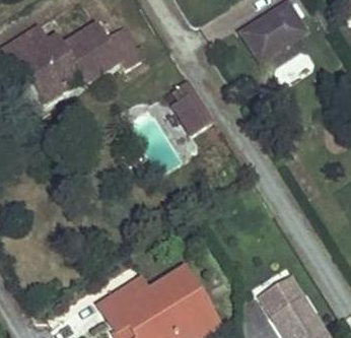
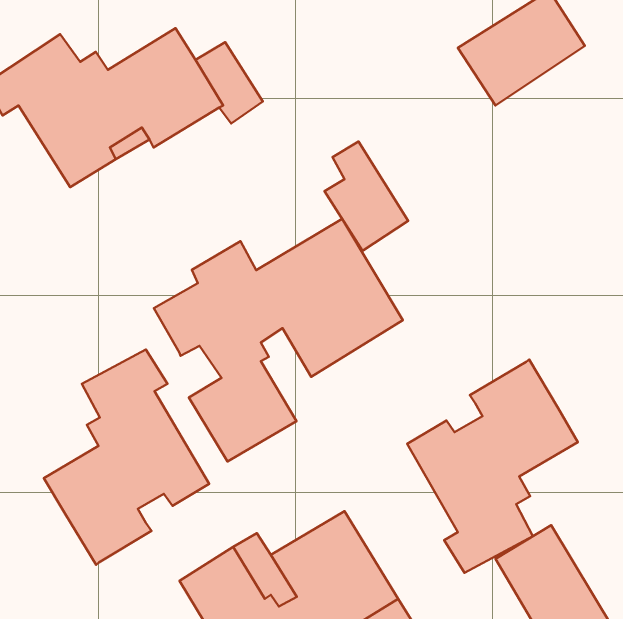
building: none -> [154,219,403,461]
building: none -> [44,350,209,565]
building: none -> [407,360,578,573]

